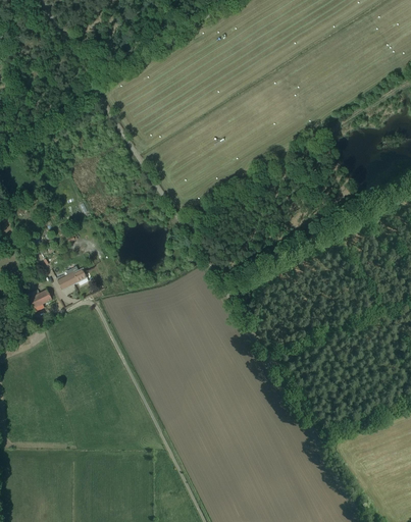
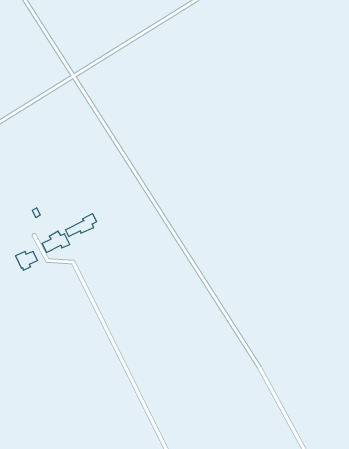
building: none -> [66,214,97,237]

